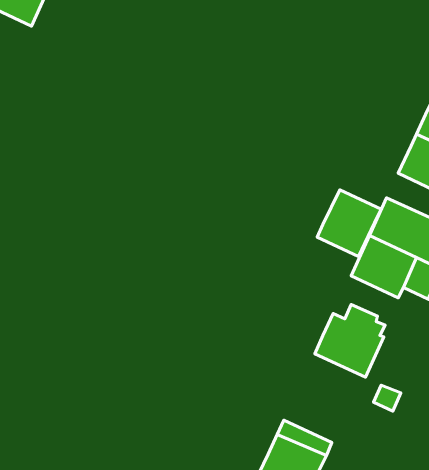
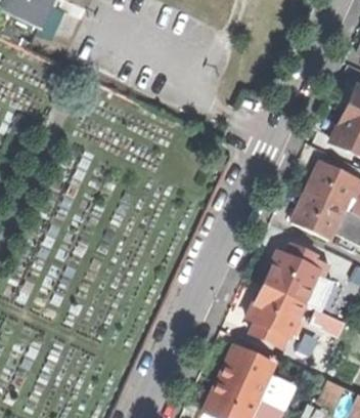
building: [317,190,381,257] -> none
building: none -> [248,285,303,347]

